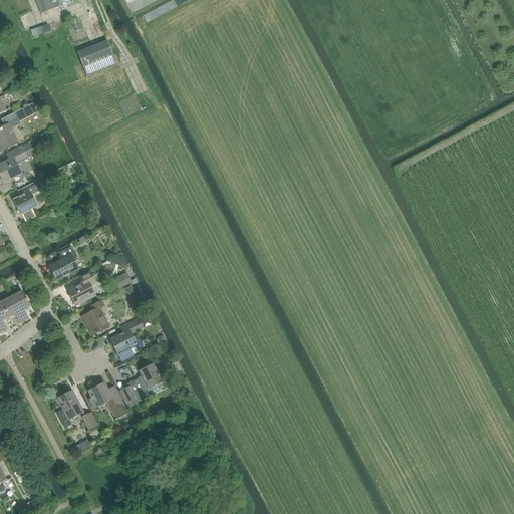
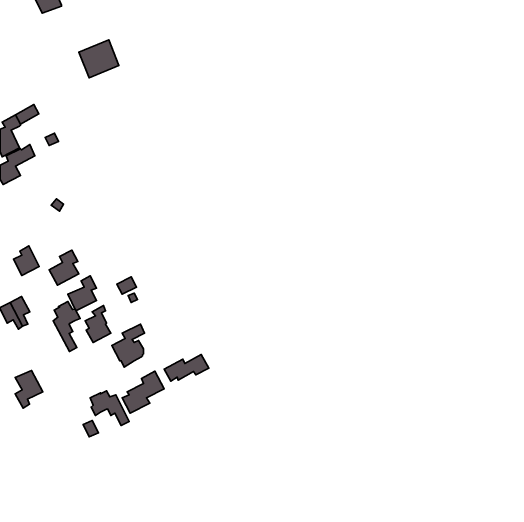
building: [11,185,36,214] -> [14,246,39,276]
building: none -> [53,302,80,351]
building: none -> [164,354,209,381]
building: [56,390,83,427] -> [15,370,43,408]

